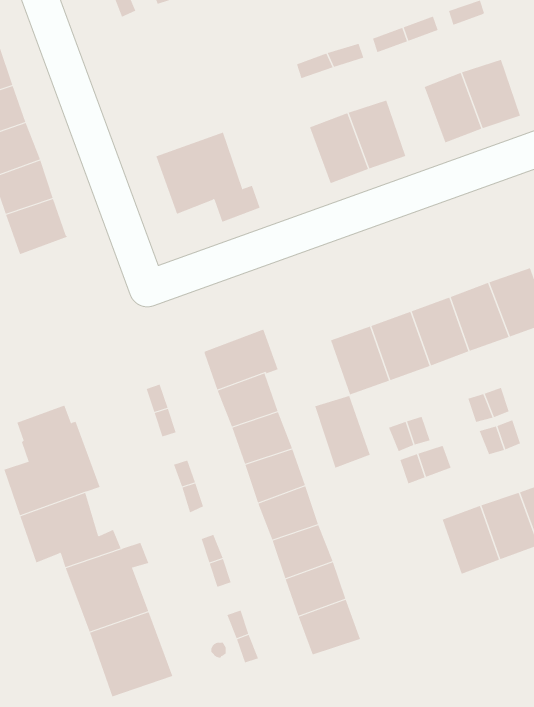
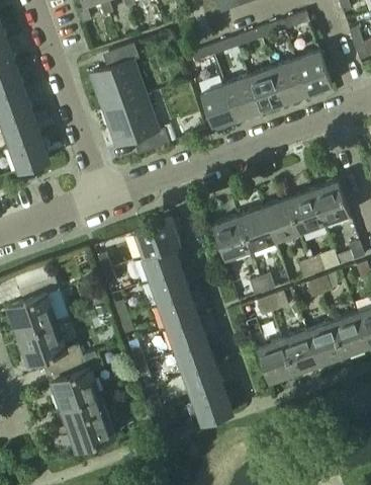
building: none -> [91,45,146,111]
building: none -> [248,68,284,111]
building: [314,395,370,468] -> none
building: none -> [256,339,294,383]

